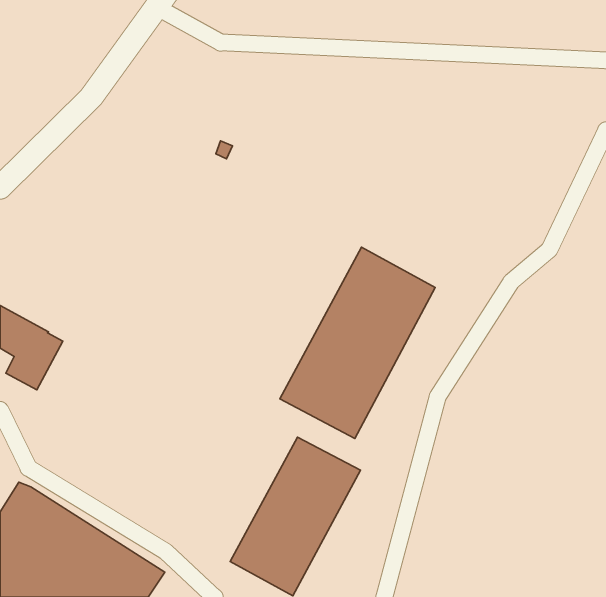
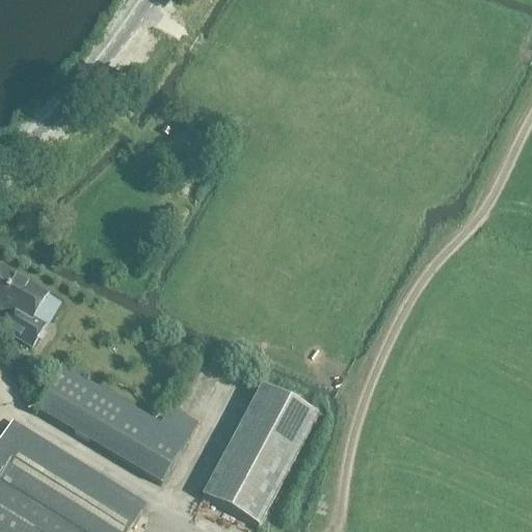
building: [280,247,435,438] -> none
building: none -> [36,362,195,480]

